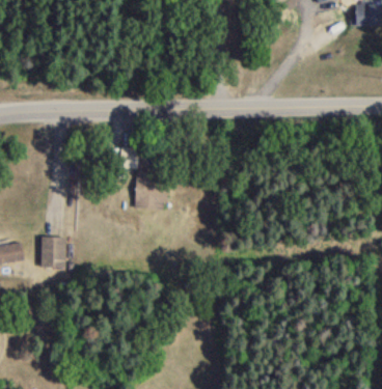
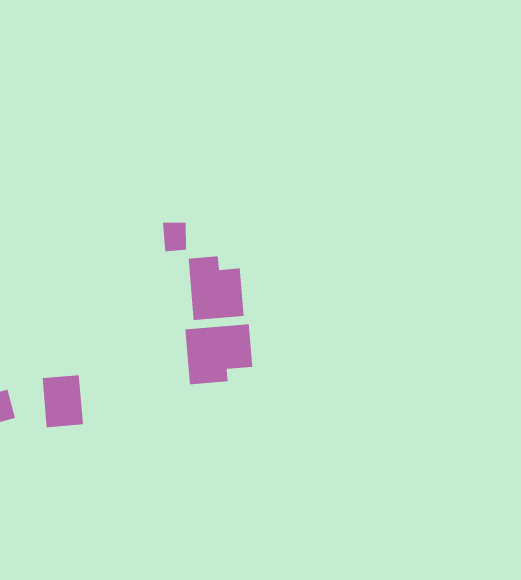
building: none -> [185,324,253,385]

